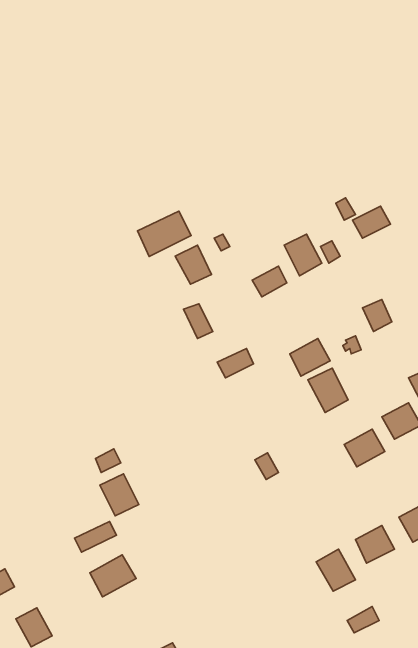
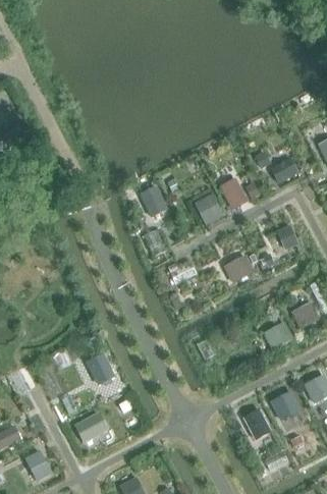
building: [138,211,191,257] -> none
building: [308,368,348,412] -> none

